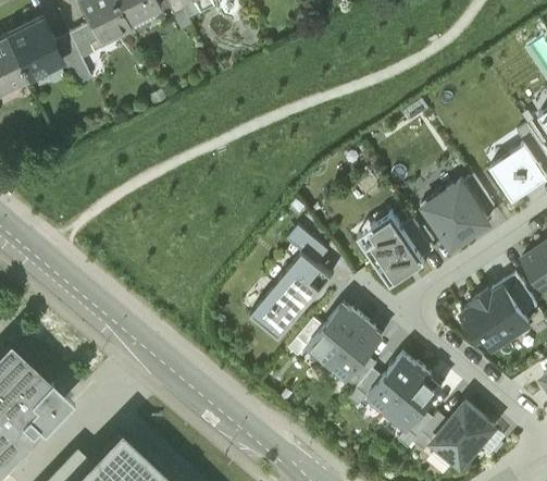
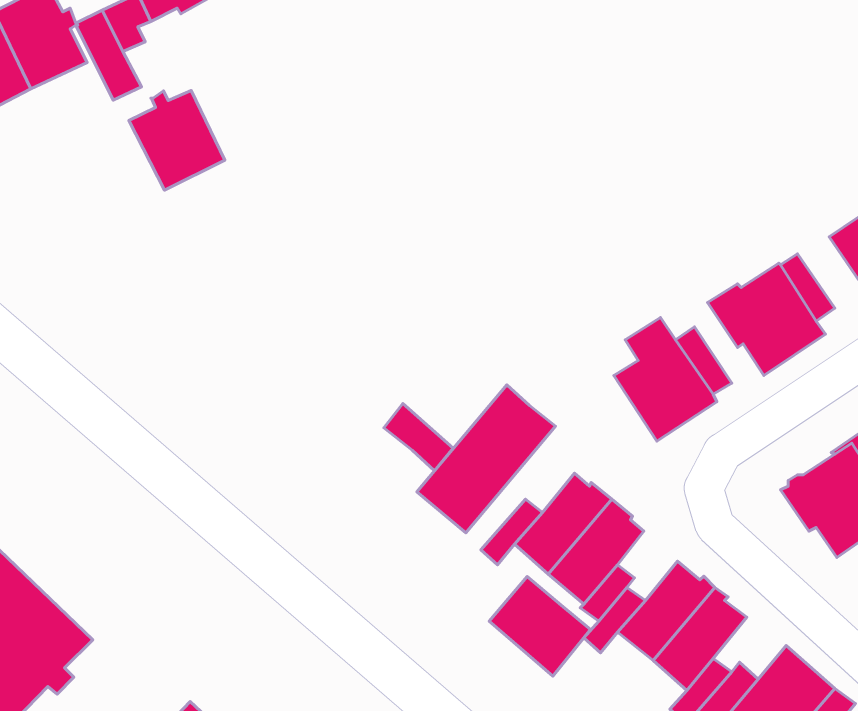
building: none -> [129,90,225,190]
building: [287,225,327,264] -> [384,403,453,471]
building: none -> [489,576,591,676]

